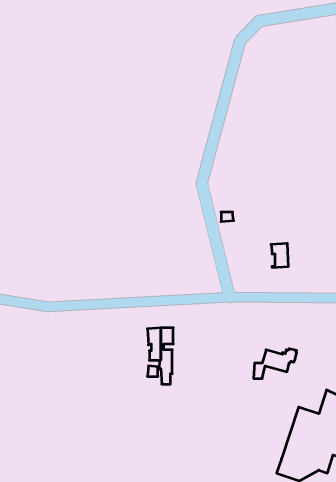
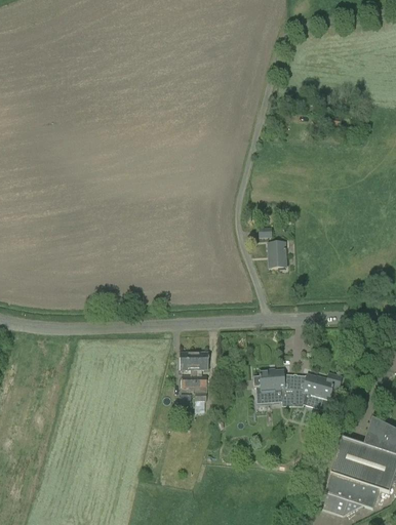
building: [271,243,288,267] -> [267,242,285,268]
building: none -> [253,369,294,406]

